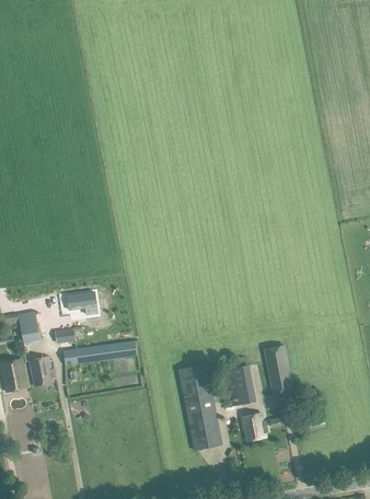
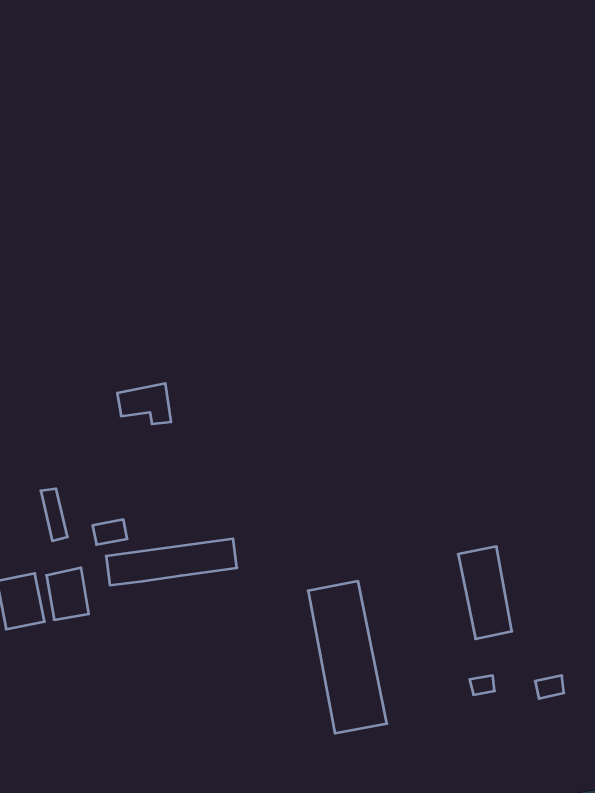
building: [66,286,96,309] -> [117,383,171,424]
building: [230,363,248,402] -> none
building: [243,413,265,440] -> none

